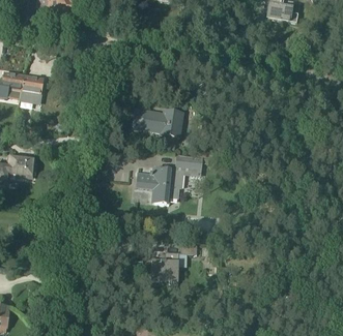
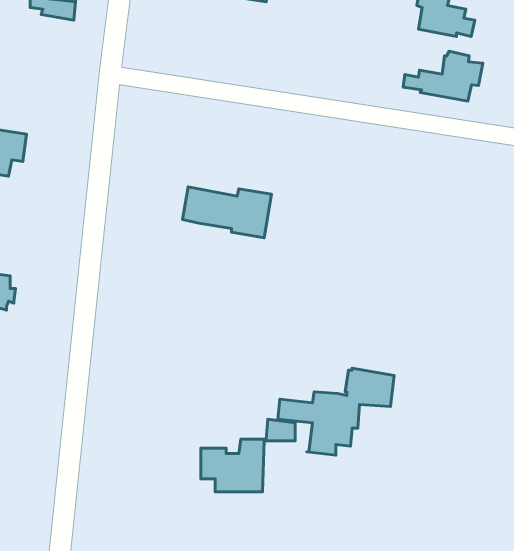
building: none -> [403,51,483,101]
building: [136,154,202,204] -> [278,368,394,455]

